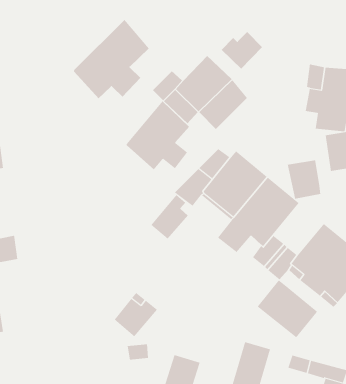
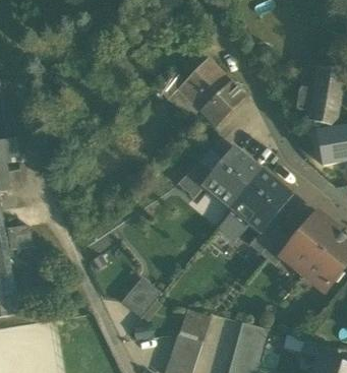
building: [73,19,149,99] -> none
building: [221,31,263,69] -> none
building: [126,101,190,170] -> none
building: [287,160,321,199] -> none
building: [150,194,188,239] -> none
building: [257,279,317,338] -> none
building: none -> [178,308,211,341]

